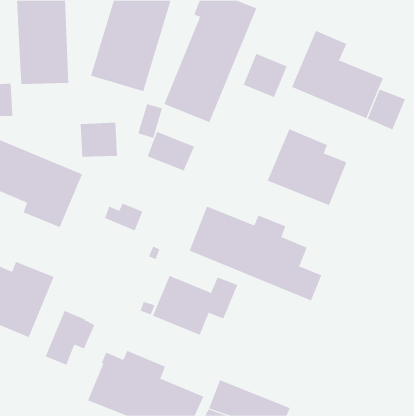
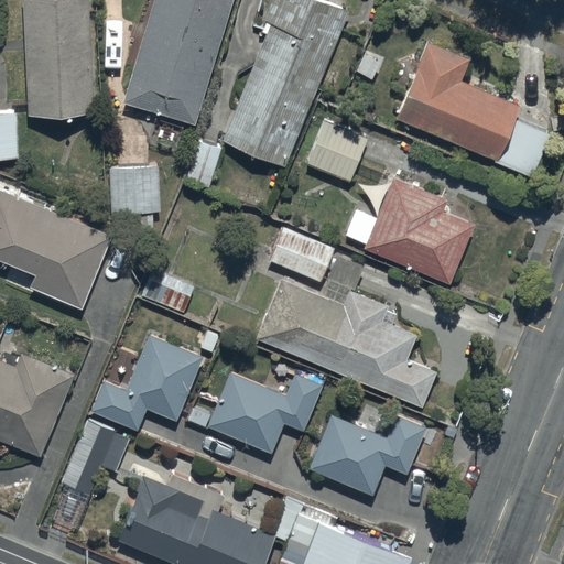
building: [243,53,288,98] -> [306,120,367,181]
building: [147,131,195,171] -> [269,227,334,281]
building: none -> [90,335,203,431]
building: none -> [307,415,426,497]

